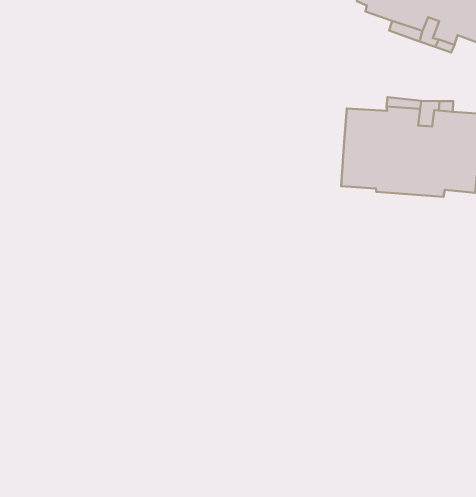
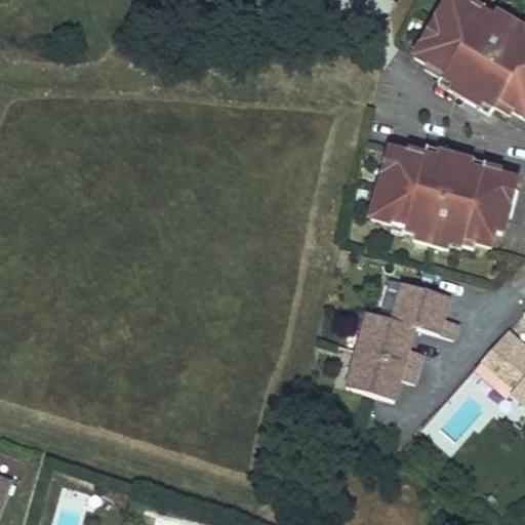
building: none -> [347,278,458,400]

